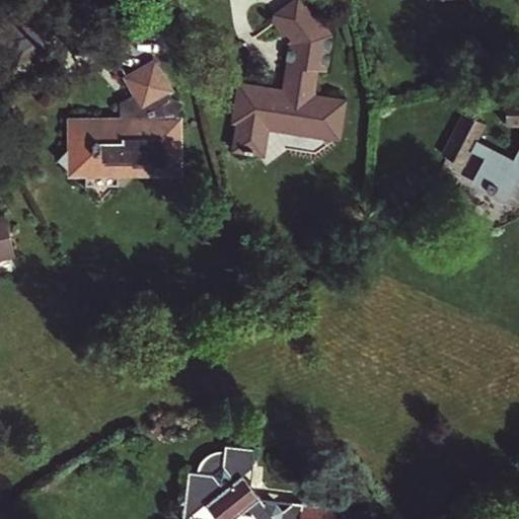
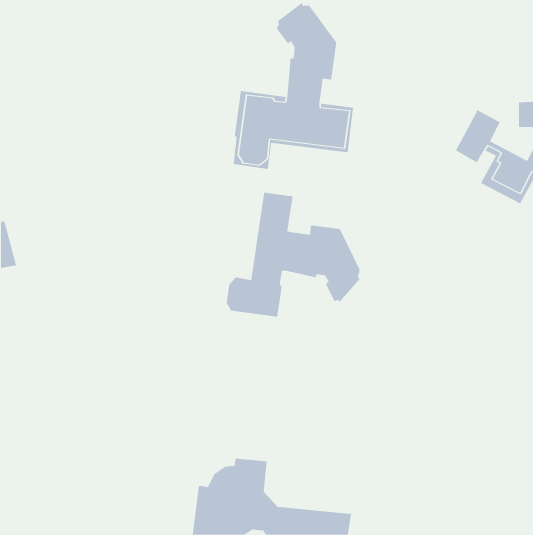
building: [57,59,183,184] -> none
building: none -> [226,192,361,318]

